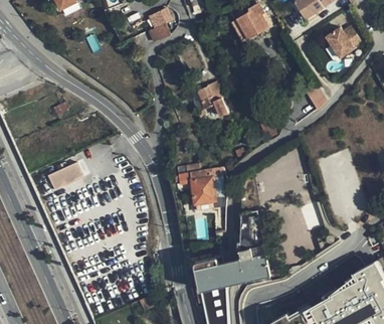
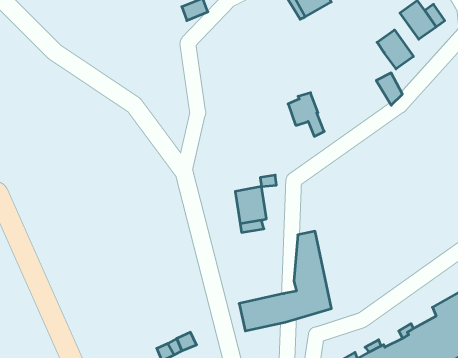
building: none -> [377,30,413,69]
building: [198,82,227,117] -> [288,93,324,136]
building: [47,162,85,190] -> none

